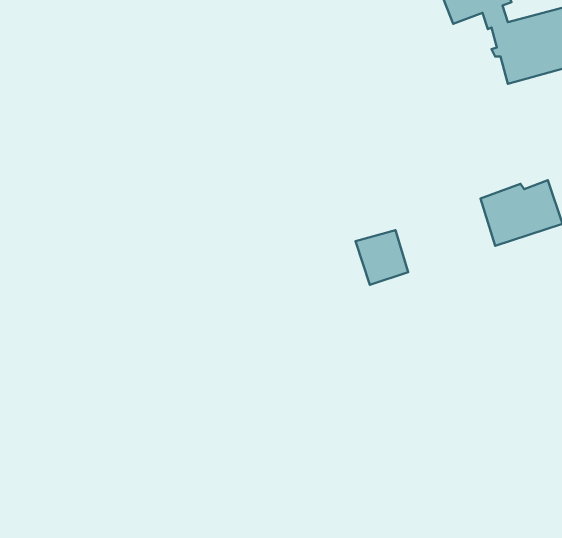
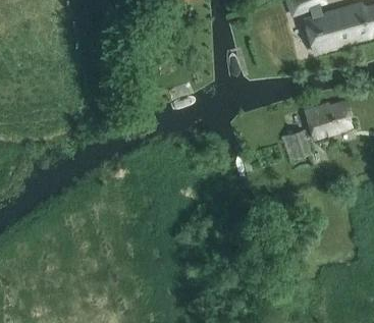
building: [355,230,408,285] -> [282,129,312,160]

